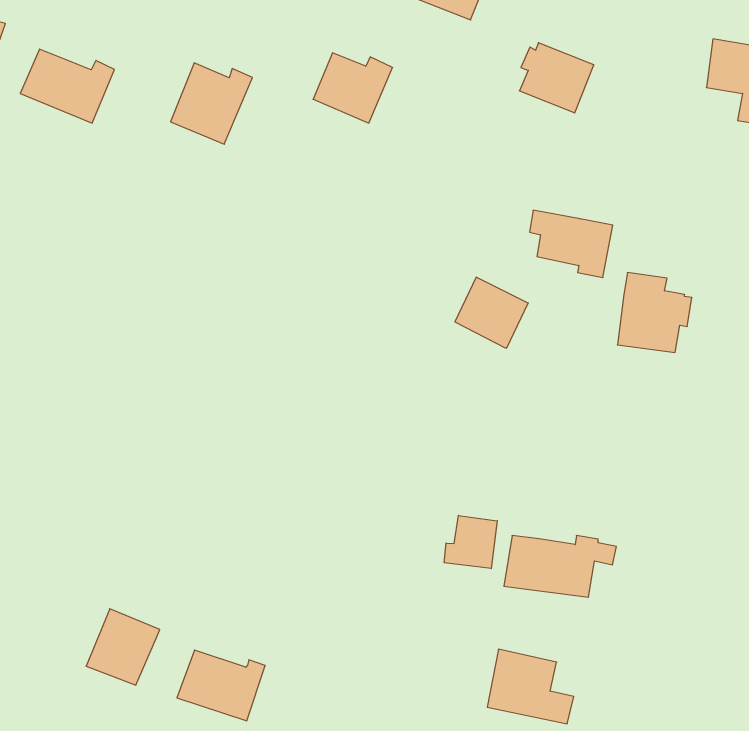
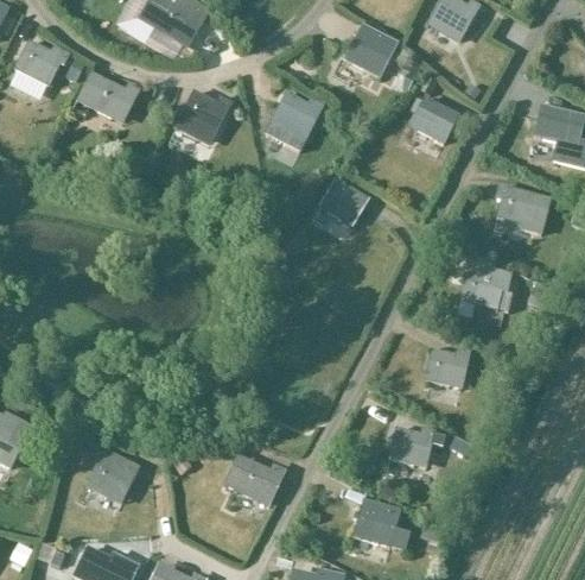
building: [530,210,613,278] -> [494,185,549,234]
building: [455,277,528,348] -> [319,178,369,227]
building: none -> [424,348,471,390]
building: [444,515,497,569] -> none
building: [177,650,265,721] -> [222,454,282,504]

